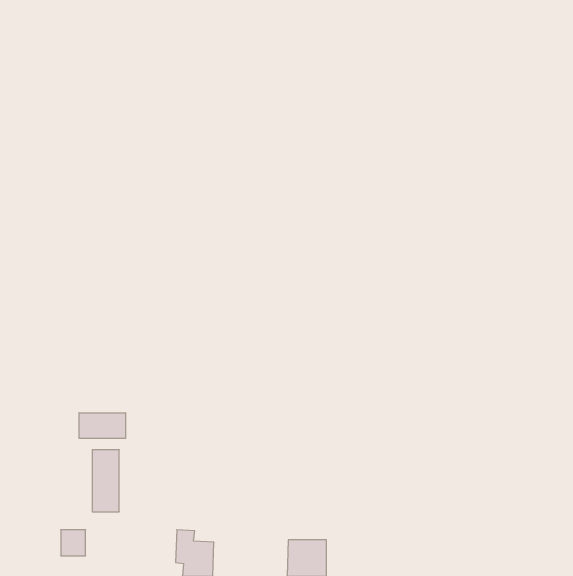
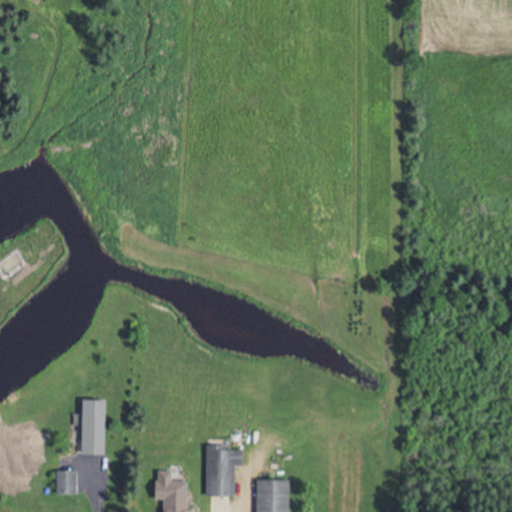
building: [79,413,126,438] -> none
building: none -> [205,445,243,495]

